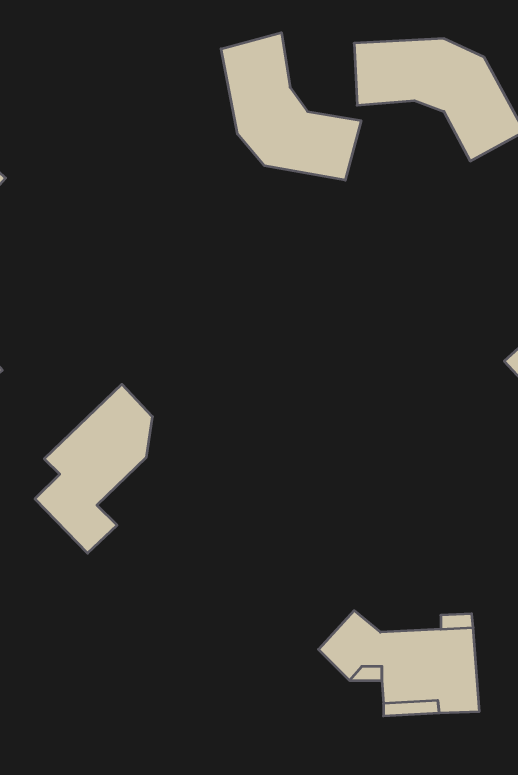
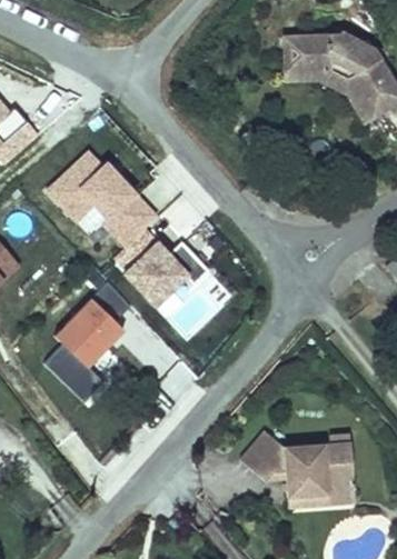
building: [221,33,361,180] -> none
building: none -> [47,148,208,305]

